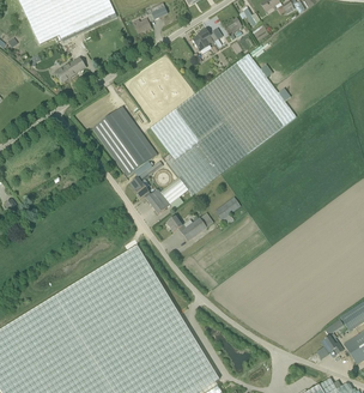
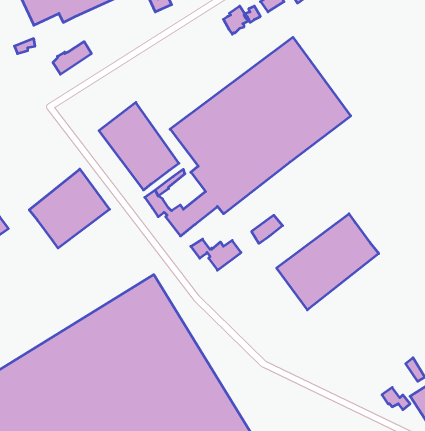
building: none -> [29,169,110,248]
building: none -> [277,214,379,310]

